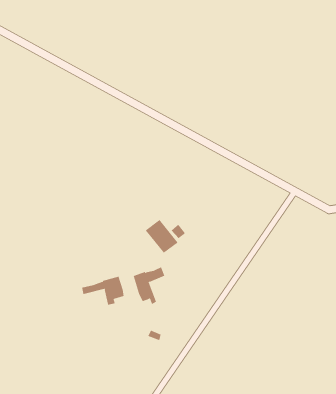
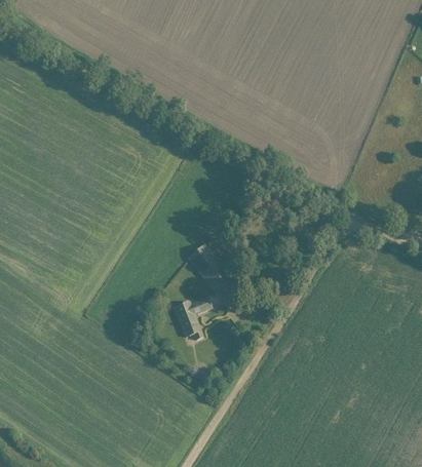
building: [82,276,124,305] -> none

